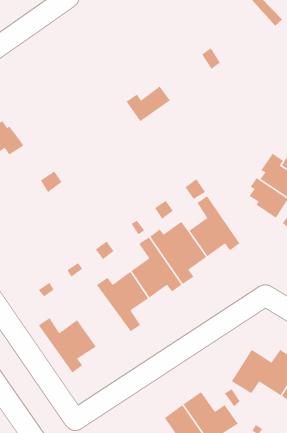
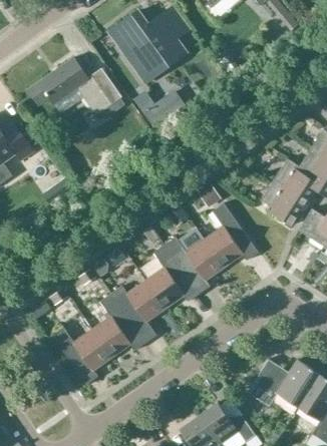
building: none -> [114,11,189,87]
building: none -> [27,57,121,115]
building: none -> [89,294,143,357]

